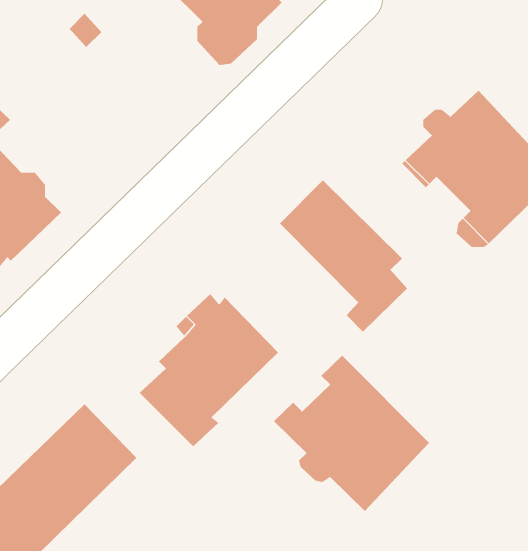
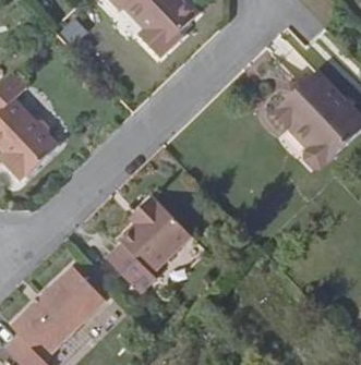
building: [279,179,408,332] -> none
building: [273,355,430,512] -> none

